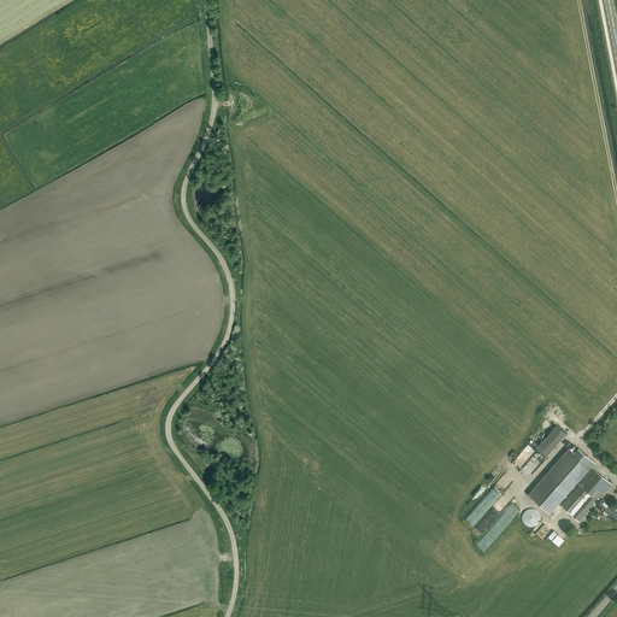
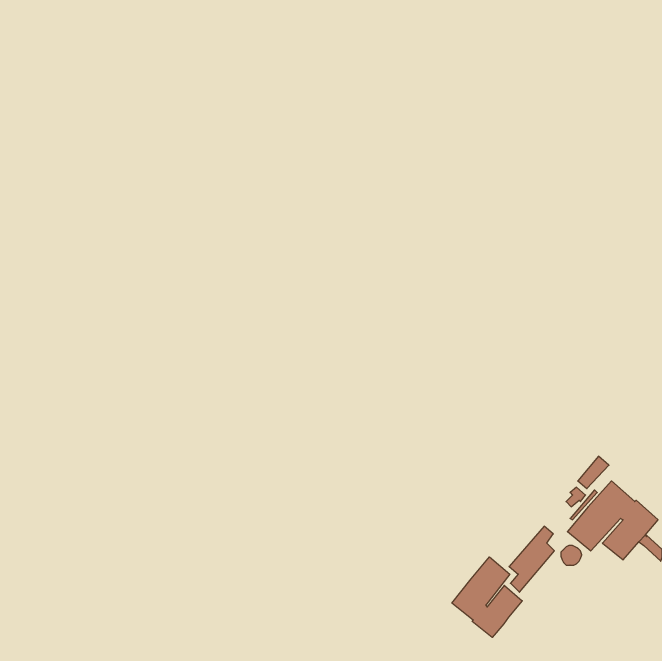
building: none -> [452,557,522,637]

